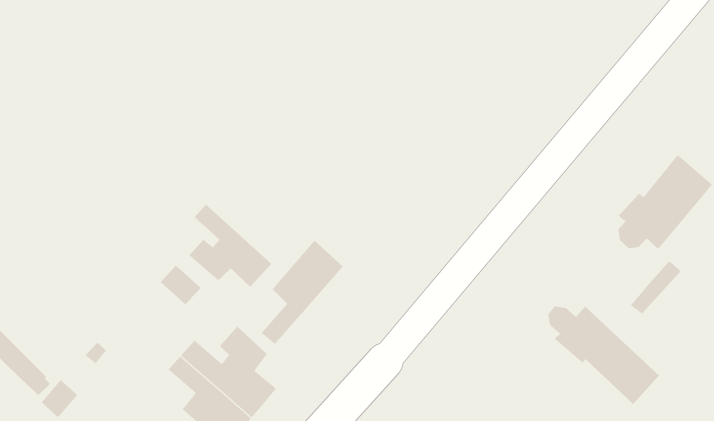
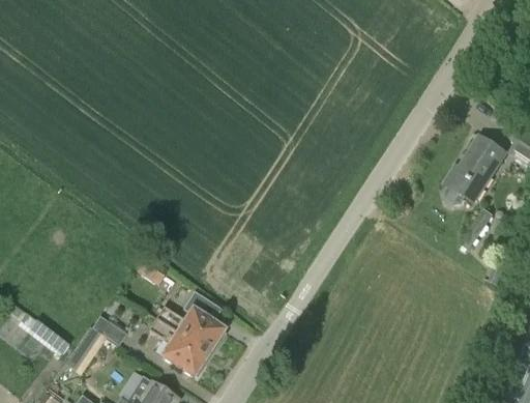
building: [188,204,272,287] -> none
building: [261,240,344,345] -> none
building: [548,305,660,405] -> none

